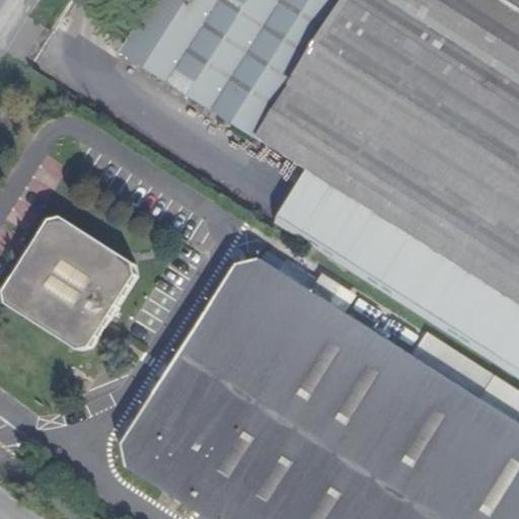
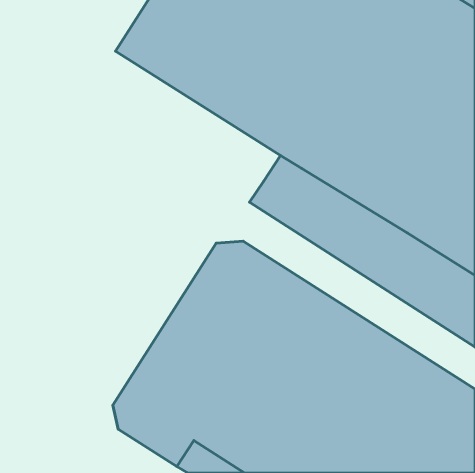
building: [7,219,139,348] -> none

